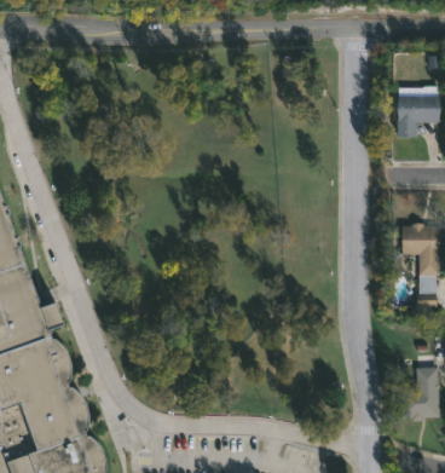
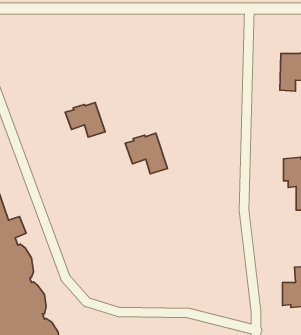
building: none -> [65,102,105,137]
building: none -> [125,133,167,174]

